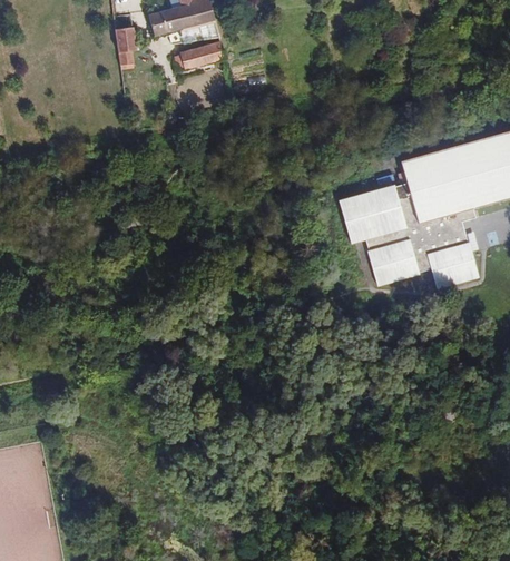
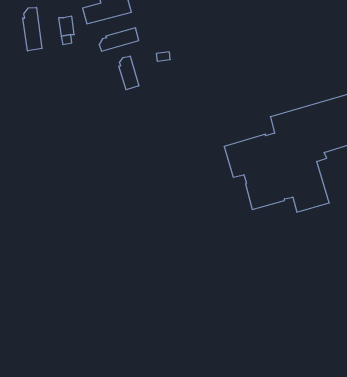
building: none -> [23,7,42,51]
building: none -> [119,56,139,90]

